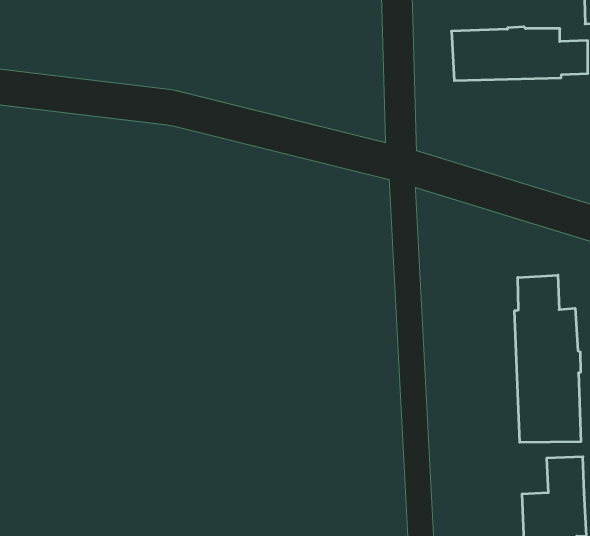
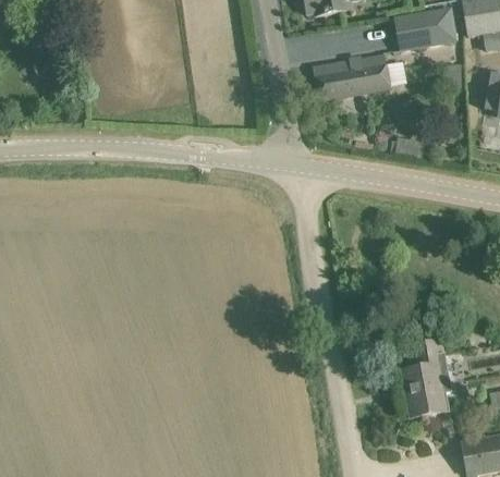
building: [515,275,581,442] -> none

